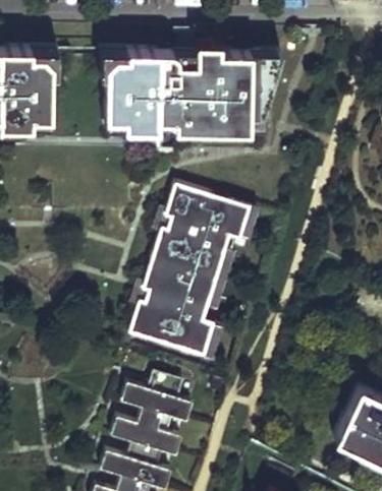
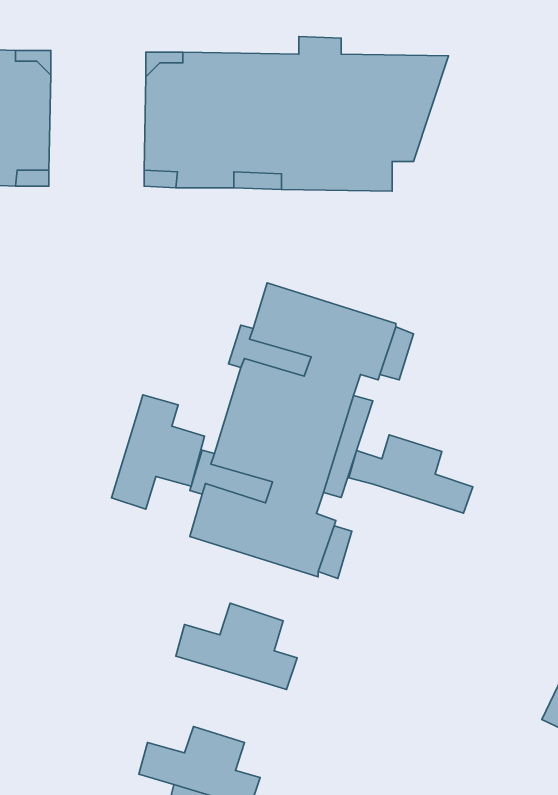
building: none -> [111,395,205,509]
building: none -> [349,435,473,513]
building: [111,411,181,458] -> none

